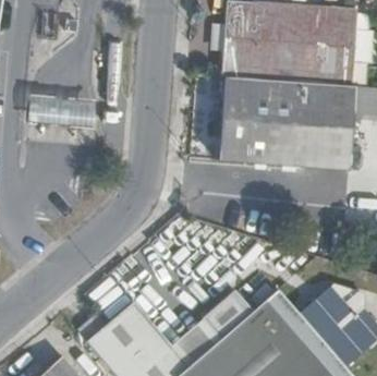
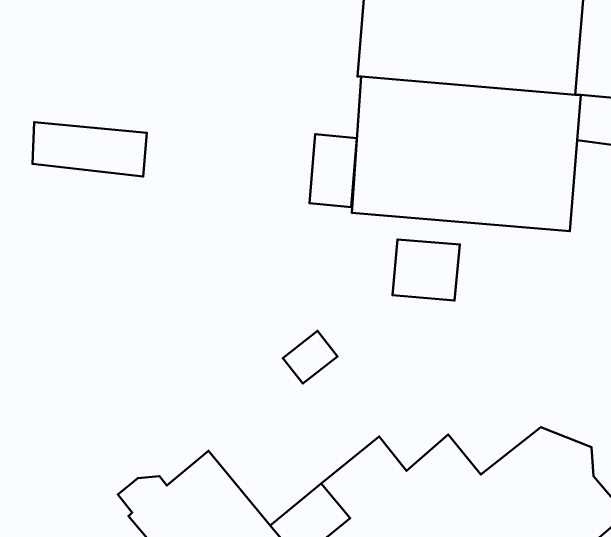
building: none -> [310,134,357,207]
building: none -> [392,239,460,300]

